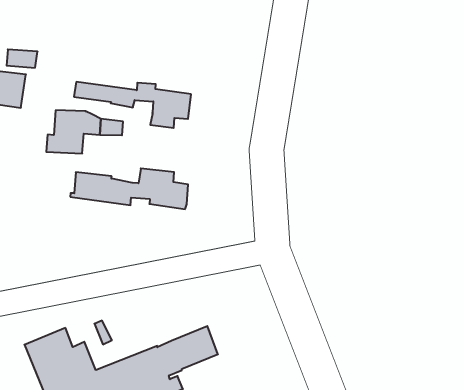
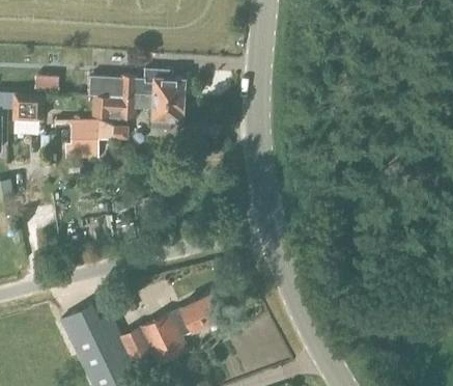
building: [70,168,188,209] -> [87,70,185,101]

